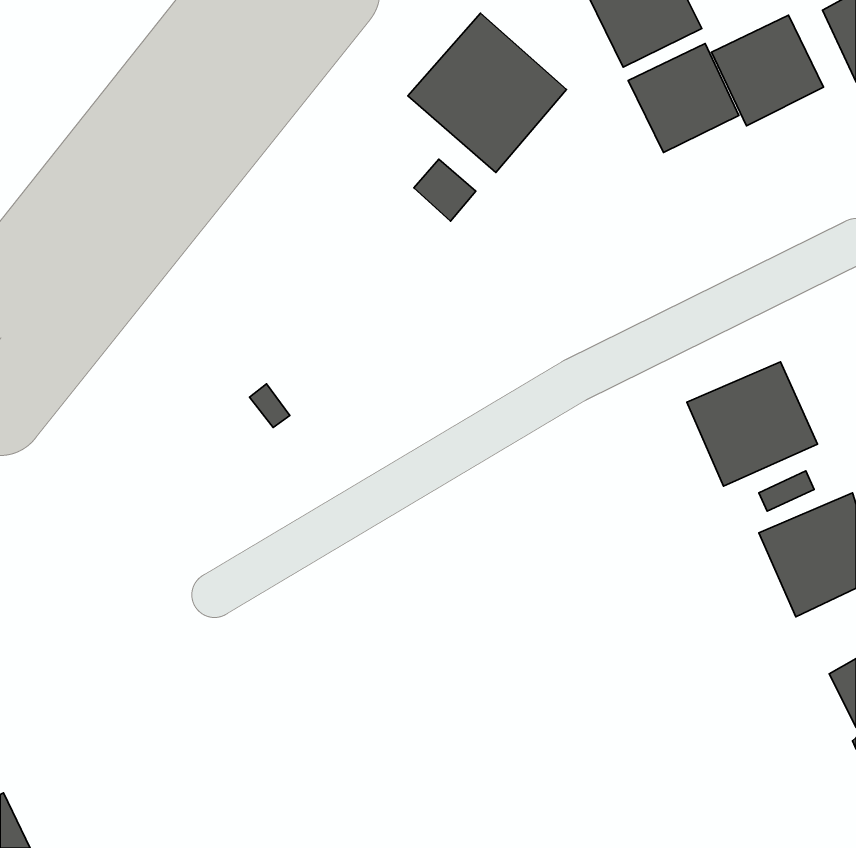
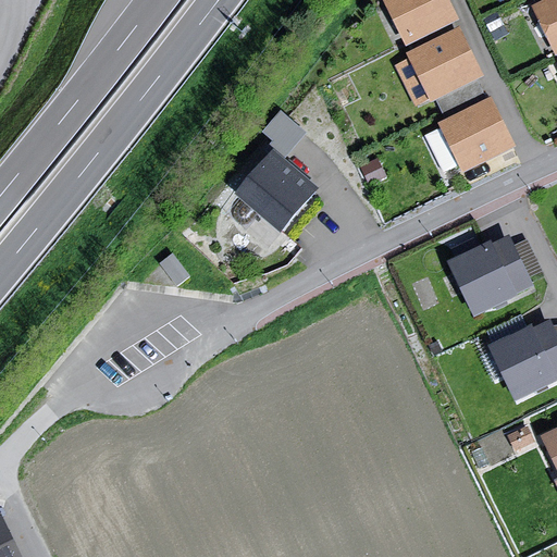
building: [408,13,567,173] -> none
building: [711,15,824,126] -> [440,99,512,171]
building: none -> [240,151,321,232]

